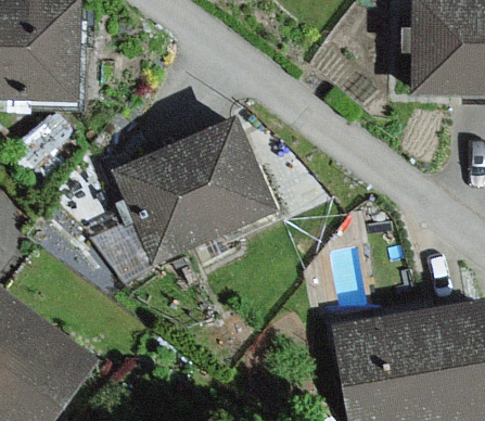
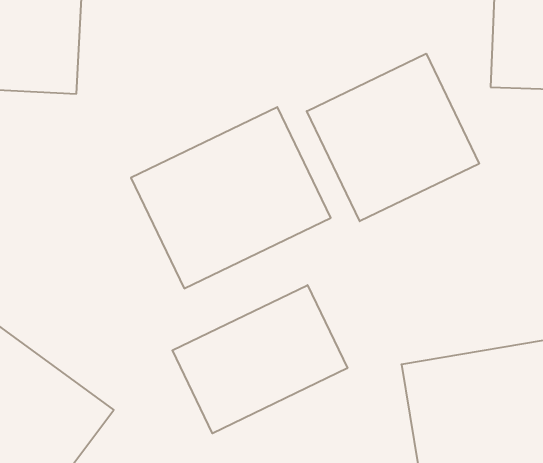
building: none -> [307,54,479,221]
building: none -> [172,285,347,433]

